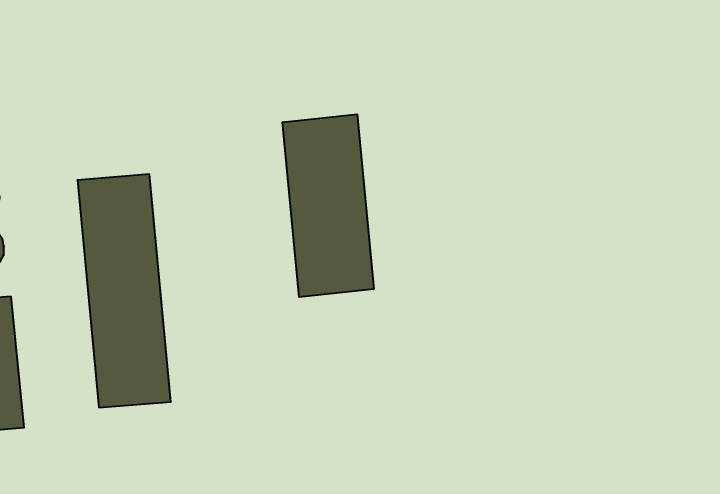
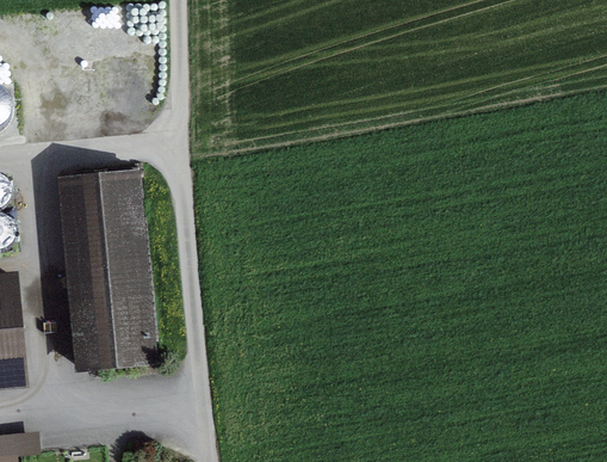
building: [283,114,374,297] -> none

